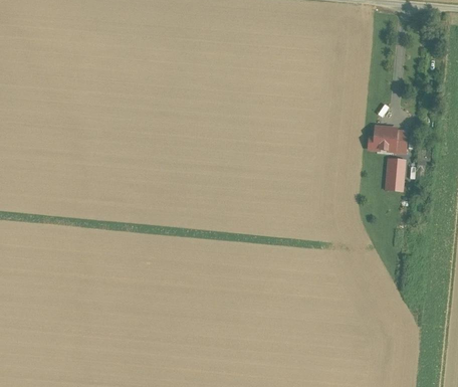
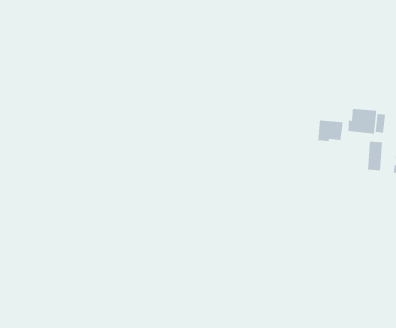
building: none -> [318,120,343,142]

